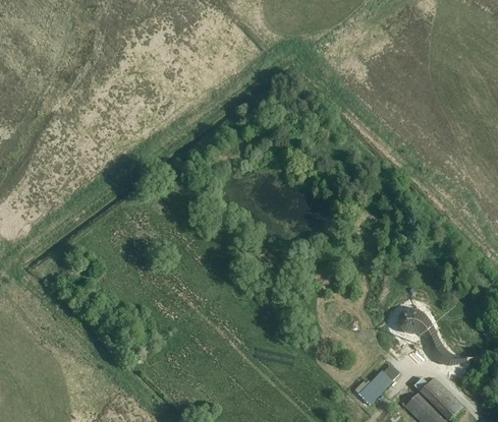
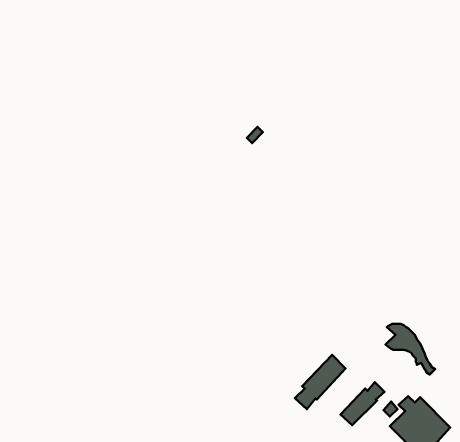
building: none -> [295,355,346,409]

